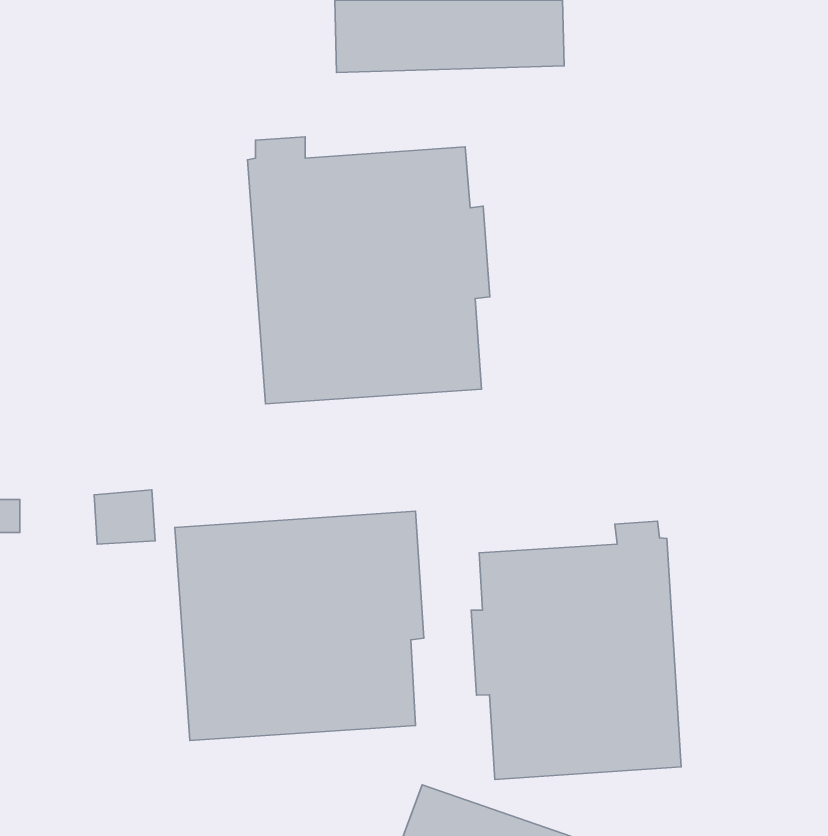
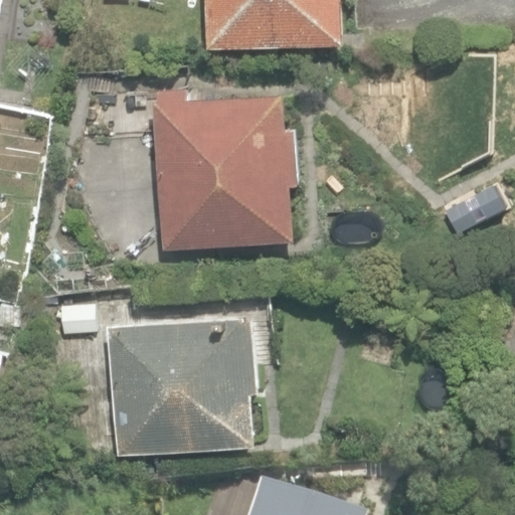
building: [471,521,681,780] -> none

